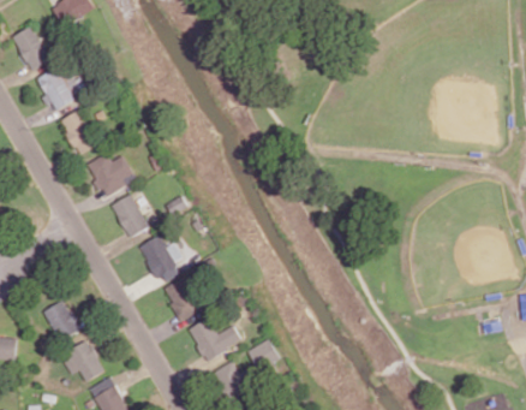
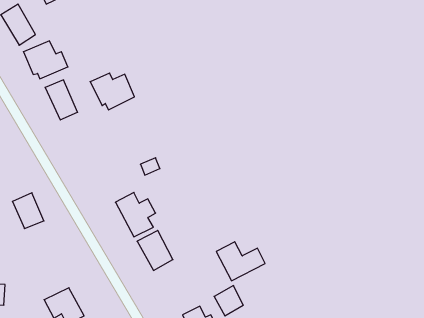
building: [85,154,135,195] -> [90,73,134,110]
building: [110,194,149,238] -> none
building: [43,301,78,340] -> [12,193,44,229]
building: [187,317,241,361] -> [216,242,265,281]

